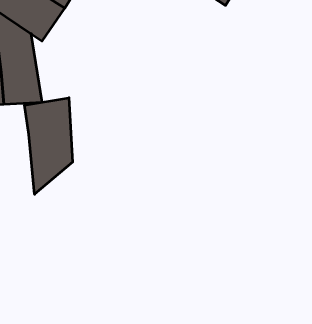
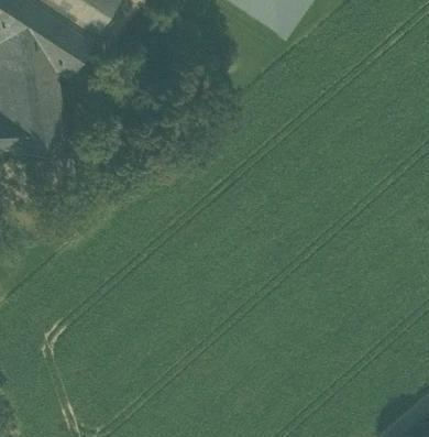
building: [24,98,73,194] -> none

